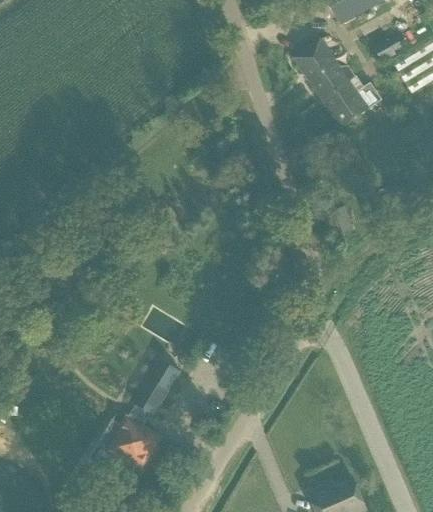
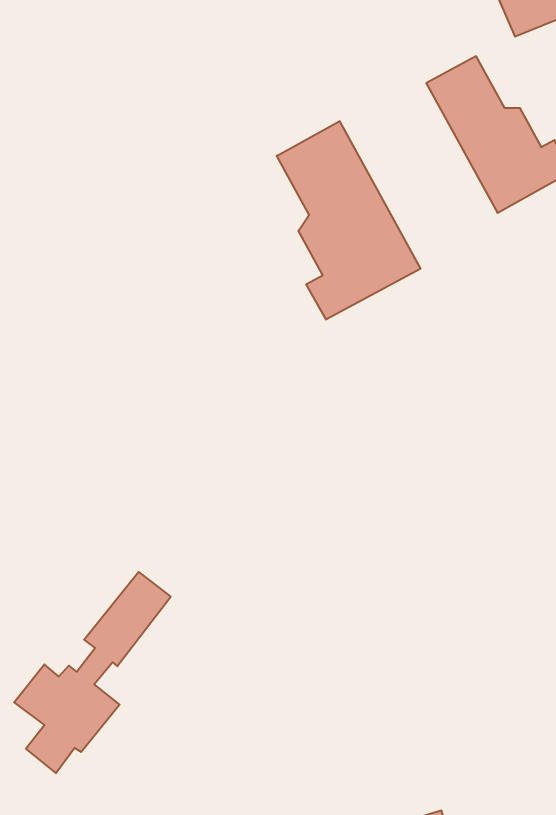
building: none -> [277,121,420,320]

